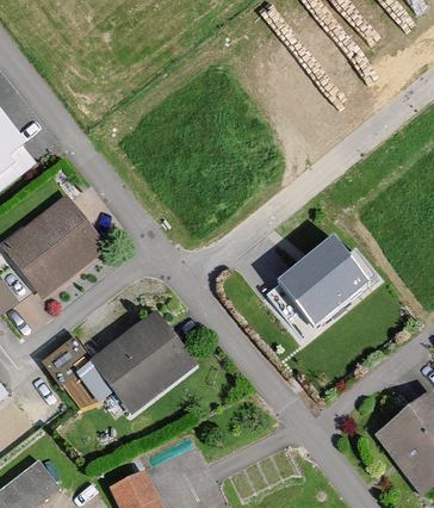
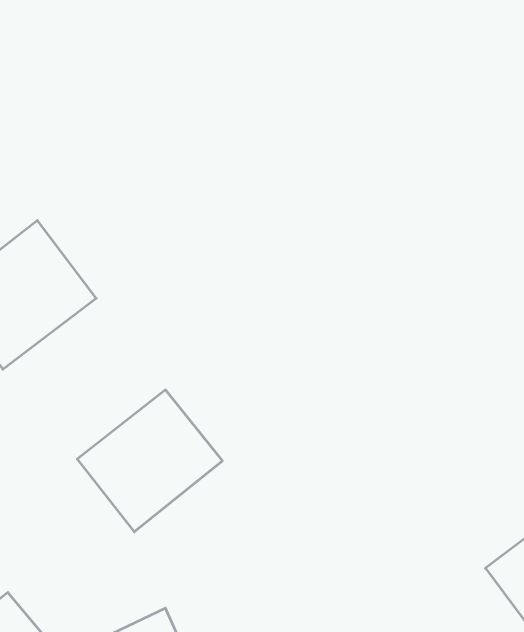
building: [280,244,370,332] -> none

